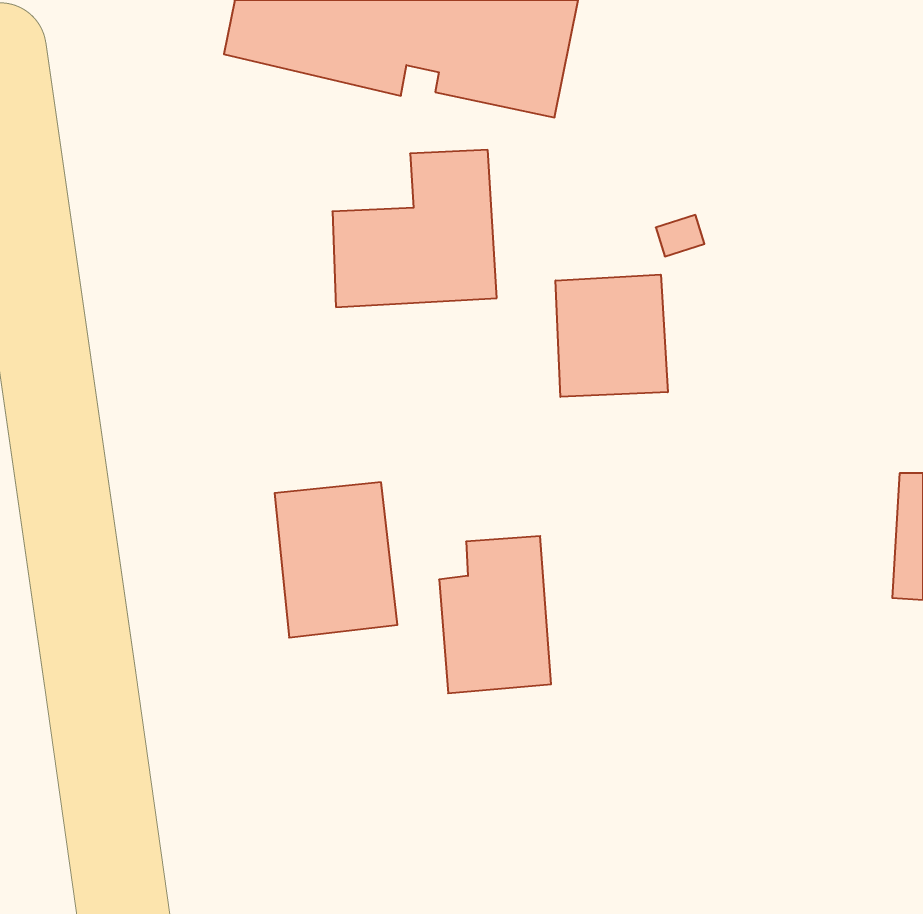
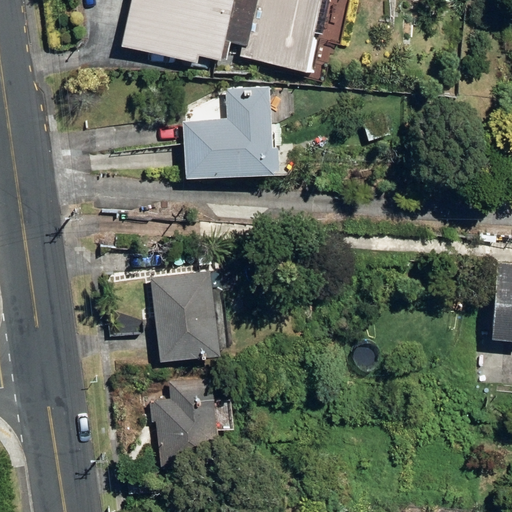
building: [556,275,668,397] -> none
building: [439,536,551,693] -> [155,378,217,465]

